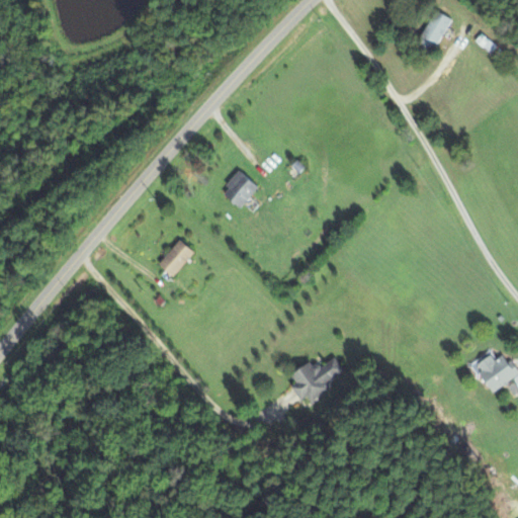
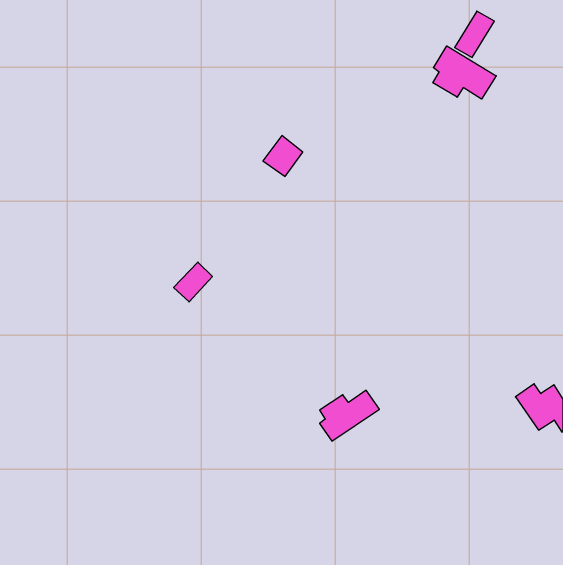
building: none -> [433,46,496,99]
building: [222,171,258,208] -> [263,136,303,176]

